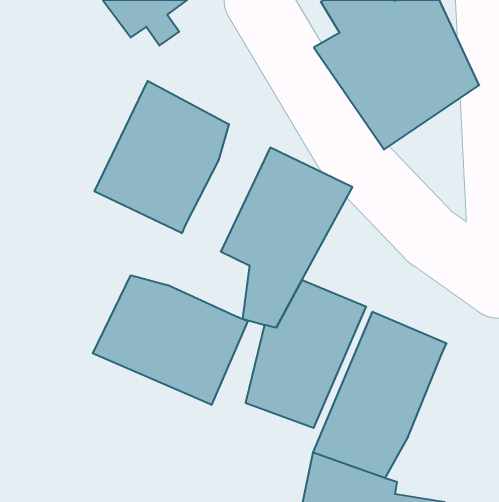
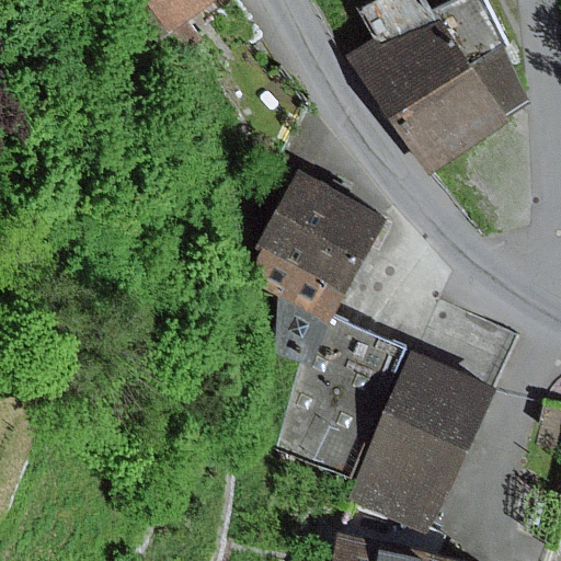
building: [95,81,229,233] -> none
building: [93,275,248,405] -> none

